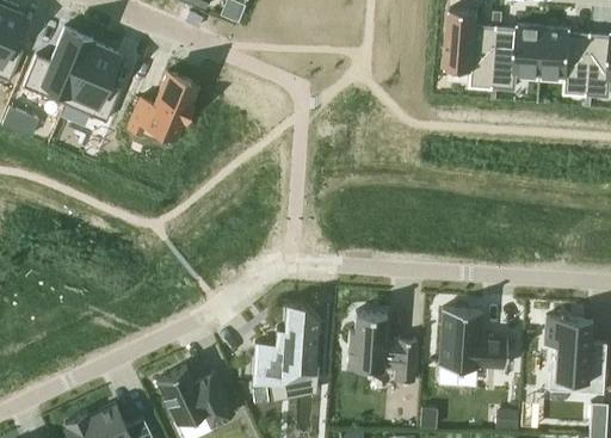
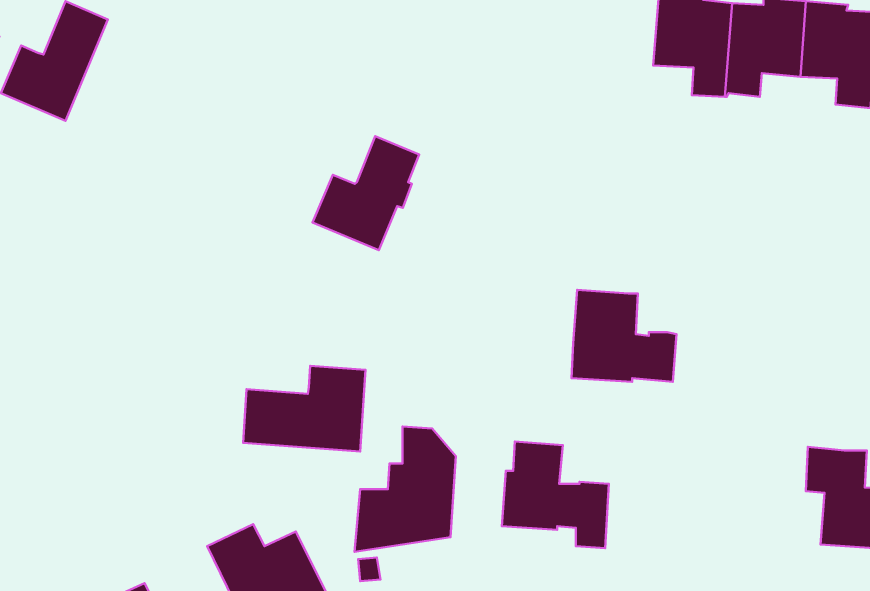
building: [66,41,121,123] -> none
building: [128,74,197,148] -> [312,136,419,250]
building: none -> [243,366,365,451]
building: [440,310,508,370] -> [571,290,676,382]

